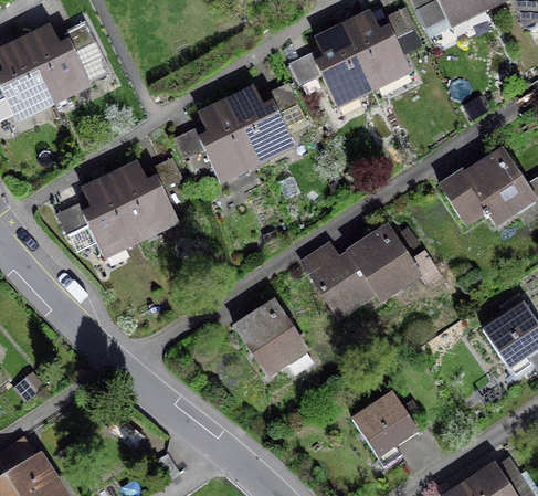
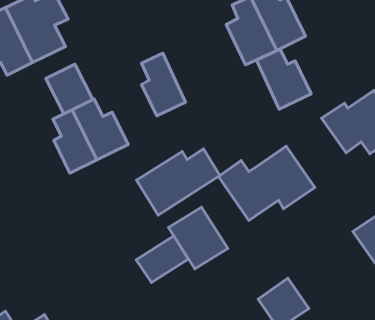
building: [225,84,297,162] -> [256,49,311,109]
building: none -> [46,64,93,114]
building: none -> [136,149,220,215]
building: none -> [136,236,188,283]

